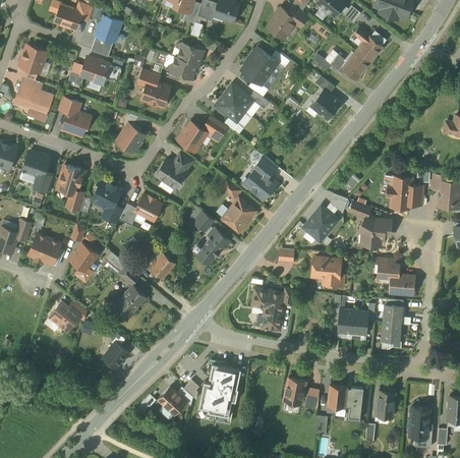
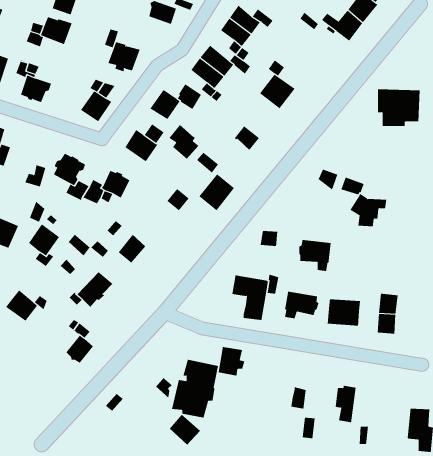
building: [168,57,196,79] -> none
building: [308,90,341,121] -> [259,74,296,109]
building: [57,166,83,199] -> none
building: [246,168,274,199] -> [169,124,199,159]
building: [385,175,423,209] -> [377,89,420,126]
building: [301,208,337,245] -> none
building: [202,229,228,257] -> none
building: [378,264,413,295] -> none
building: none -> [285,291,319,319]
building: [283,379,307,405] -> [218,346,245,376]
building: [327,386,346,413] -> none
building: [158,387,186,415] -> [169,414,201,446]
building: [375,390,395,417] -> none

